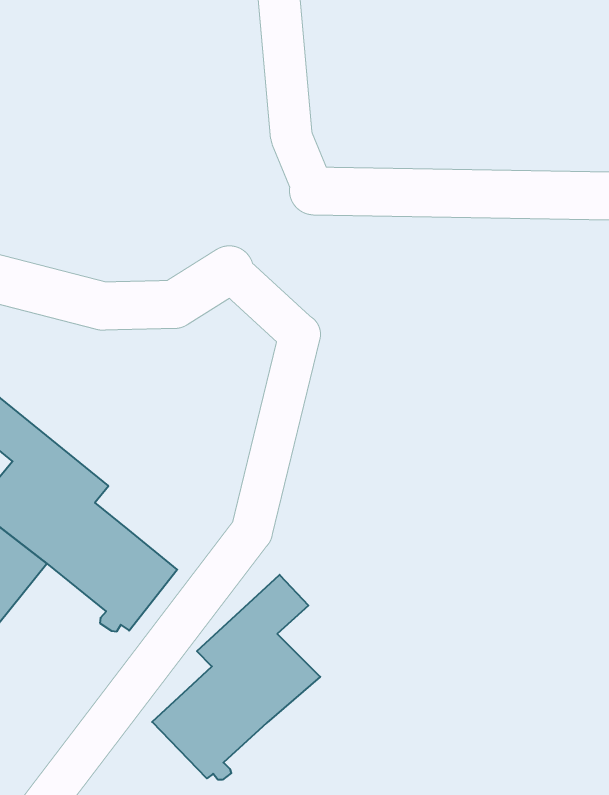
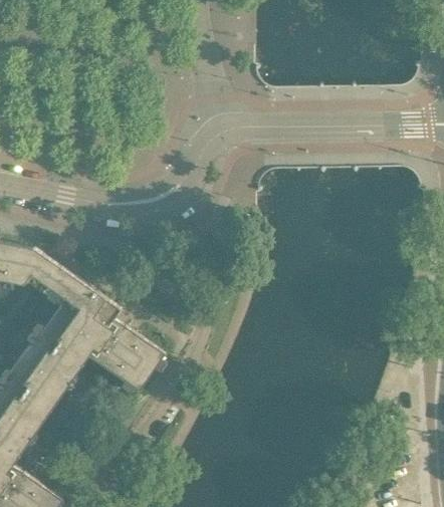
building: [152,575,320,780] -> none

